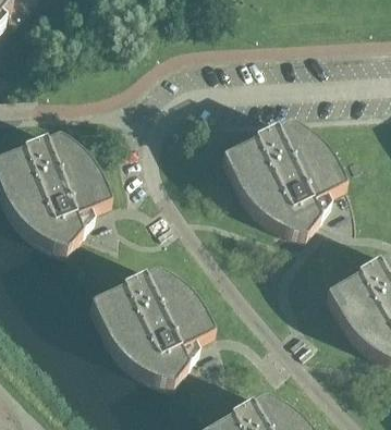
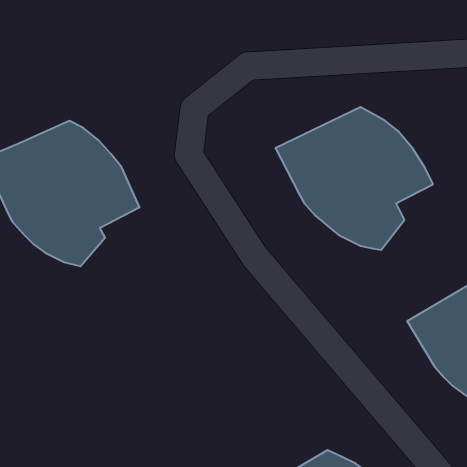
building: [89,269,213,382] -> none

